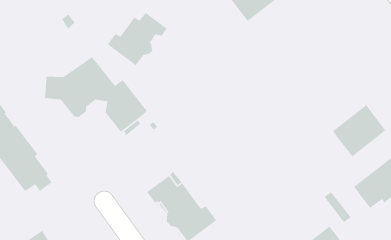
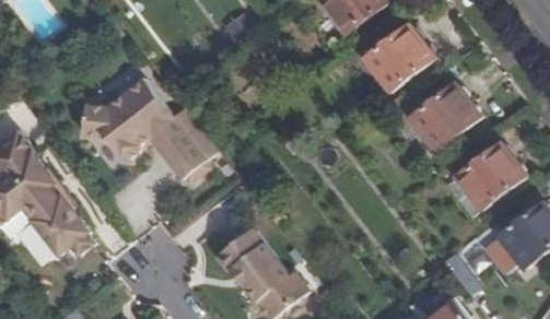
building: [107,12,168,66] -> none
building: none -> [363,23,433,91]
building: none -> [409,82,479,150]

